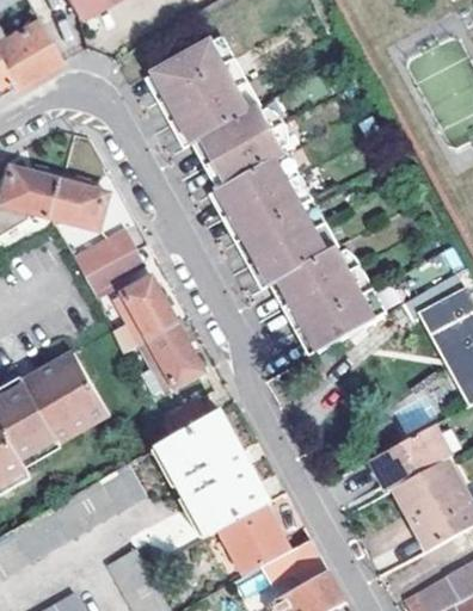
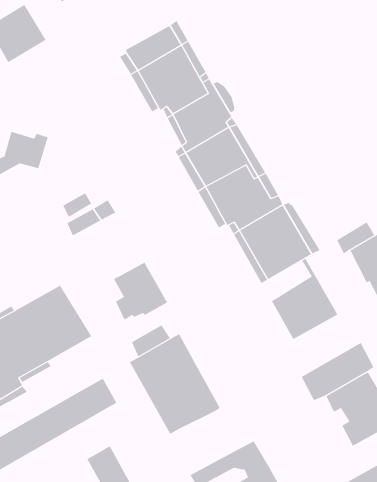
building: [49,177,108,229] -> none
building: [113,278,177,342] -> none
building: none -> [271,258,338,340]
building: [217,506,288,576] -> none

